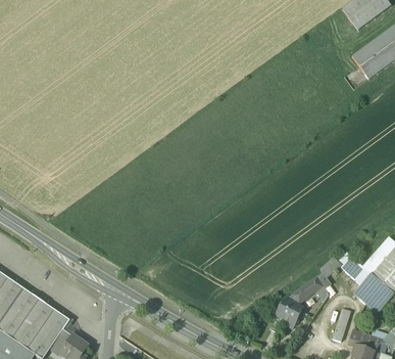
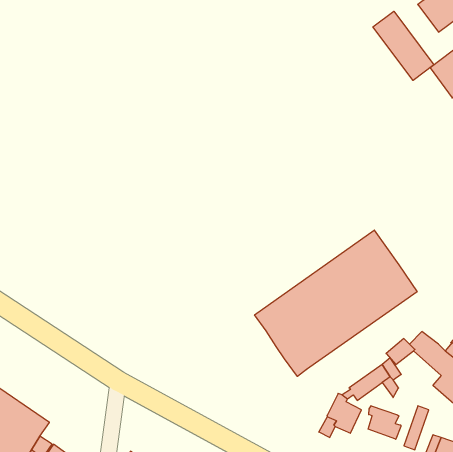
building: none -> [373,11,434,80]
building: none -> [255,230,417,376]
building: none -> [368,406,401,439]

